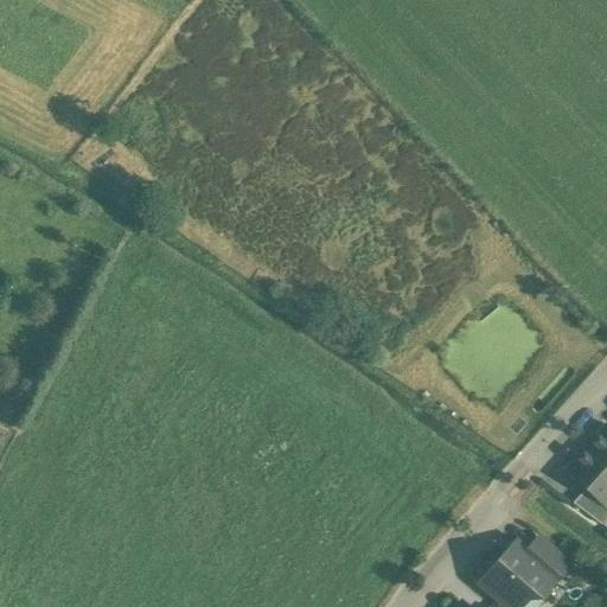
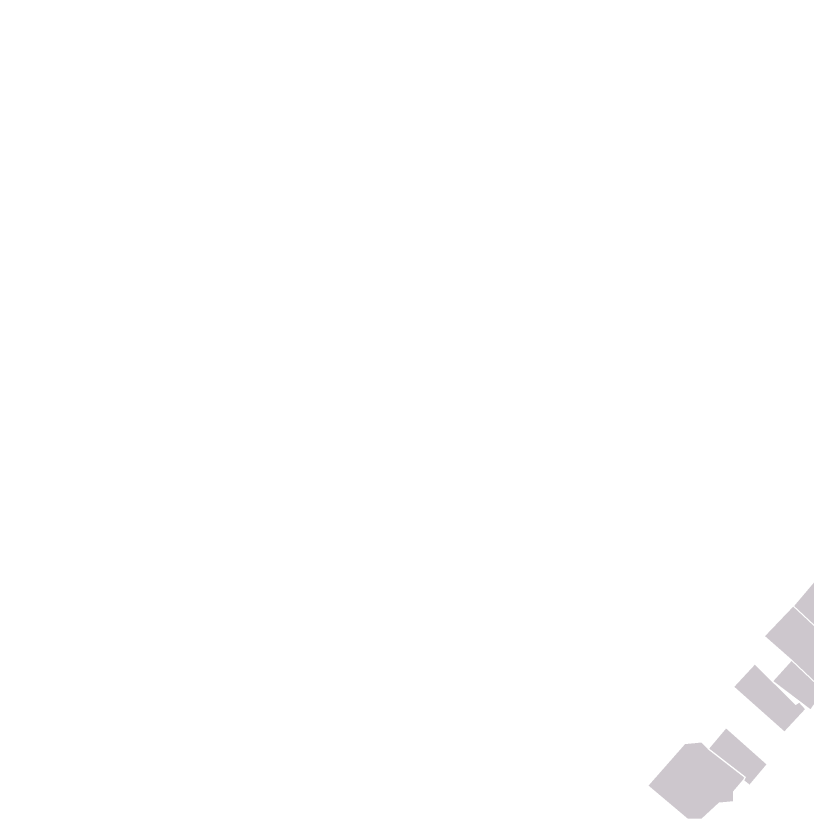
building: none -> [734,664,806,732]

